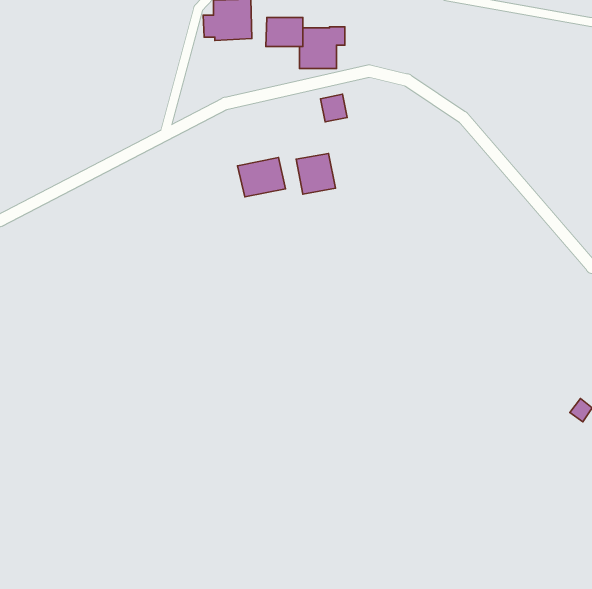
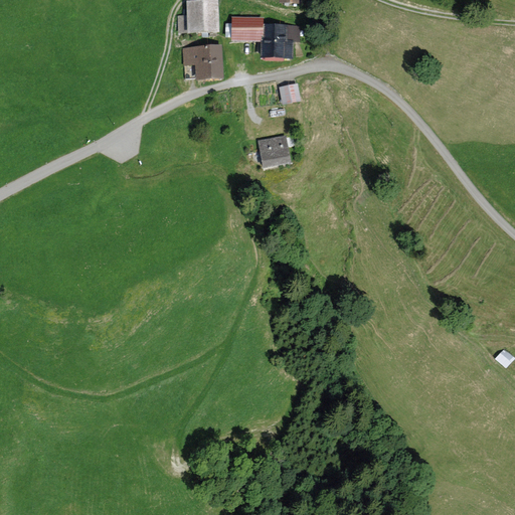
building: none -> [181,45,222,79]
building: [238,158,286,197] -> none

